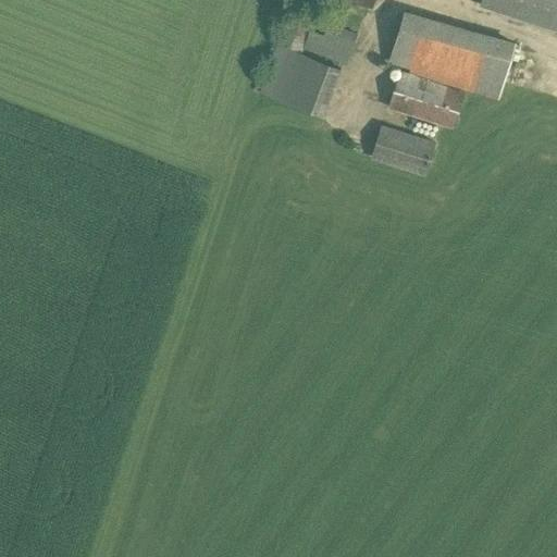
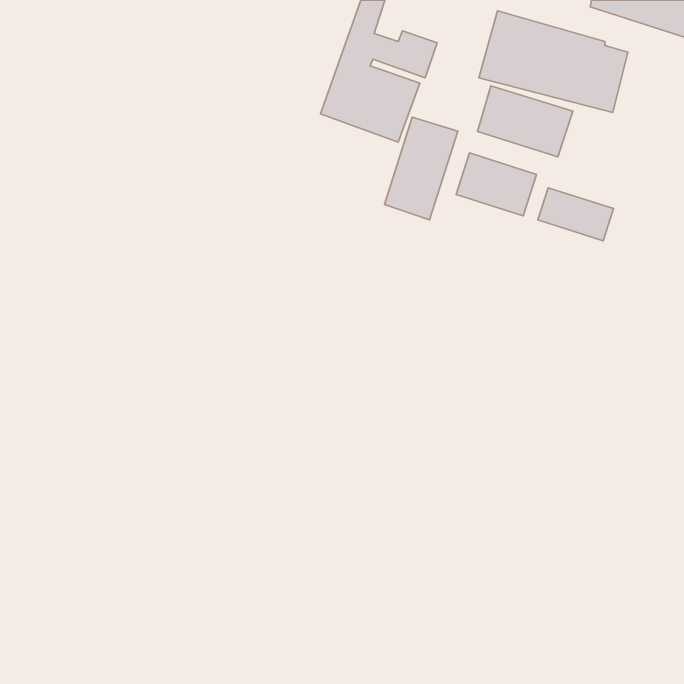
building: none -> [385,117,458,220]
building: none -> [538,188,613,241]

